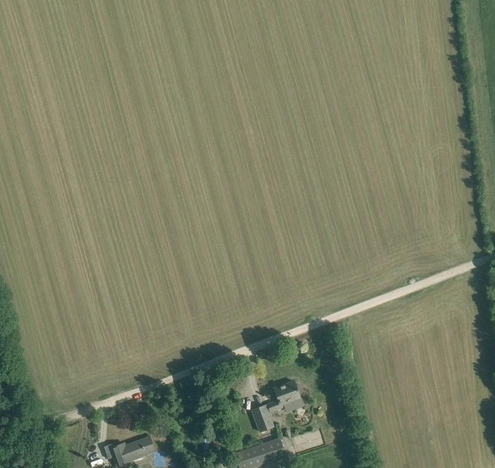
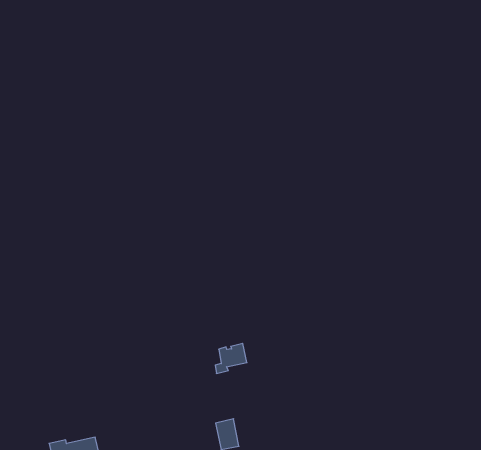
building: [273,381,300,410] -> [215,343,247,373]

